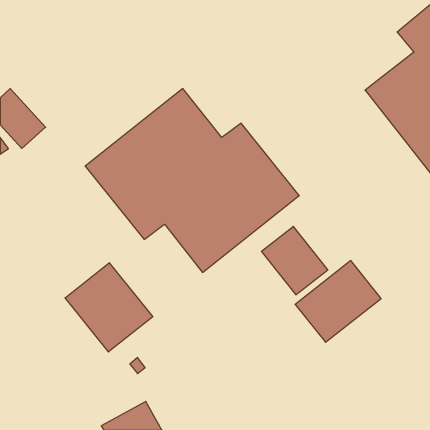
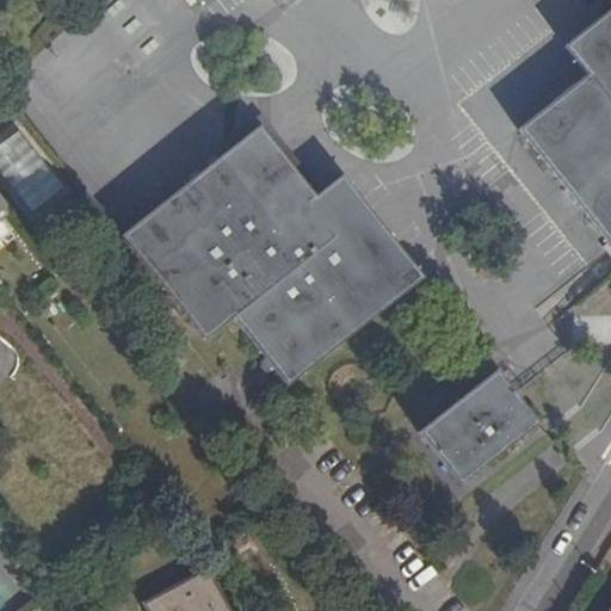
building: [262,226,328,295] -> none
building: [65,263,153,352] -> none

